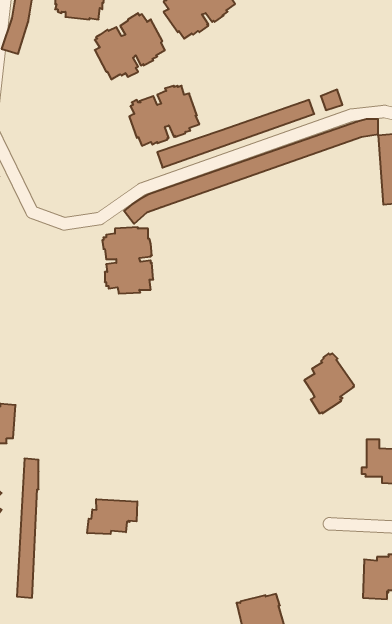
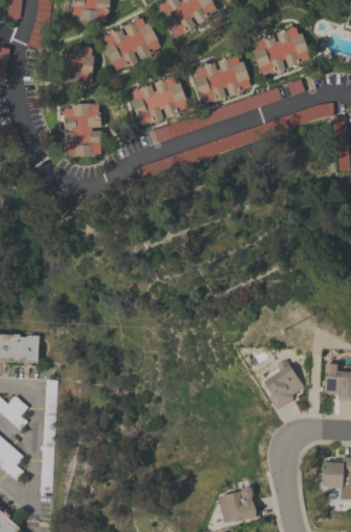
building: none -> [252,25,309,75]
building: none -> [64,46,93,84]
building: none -> [194,54,250,103]
building: [102,227,153,294] -> [61,103,103,157]
building: [304,353,354,413] -> [263,360,303,408]
building: [87,499,137,534] -> none

